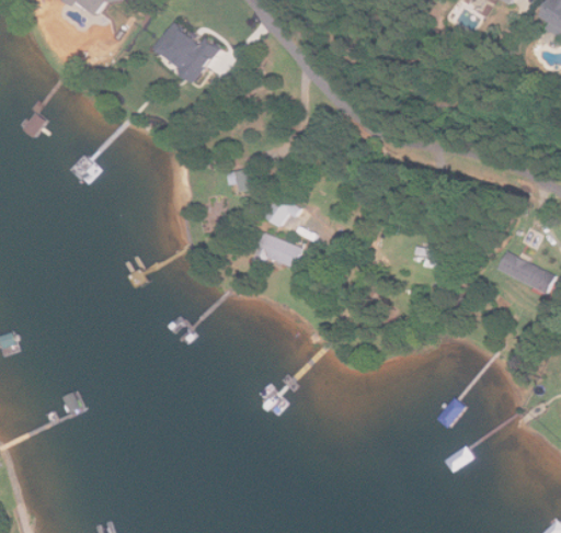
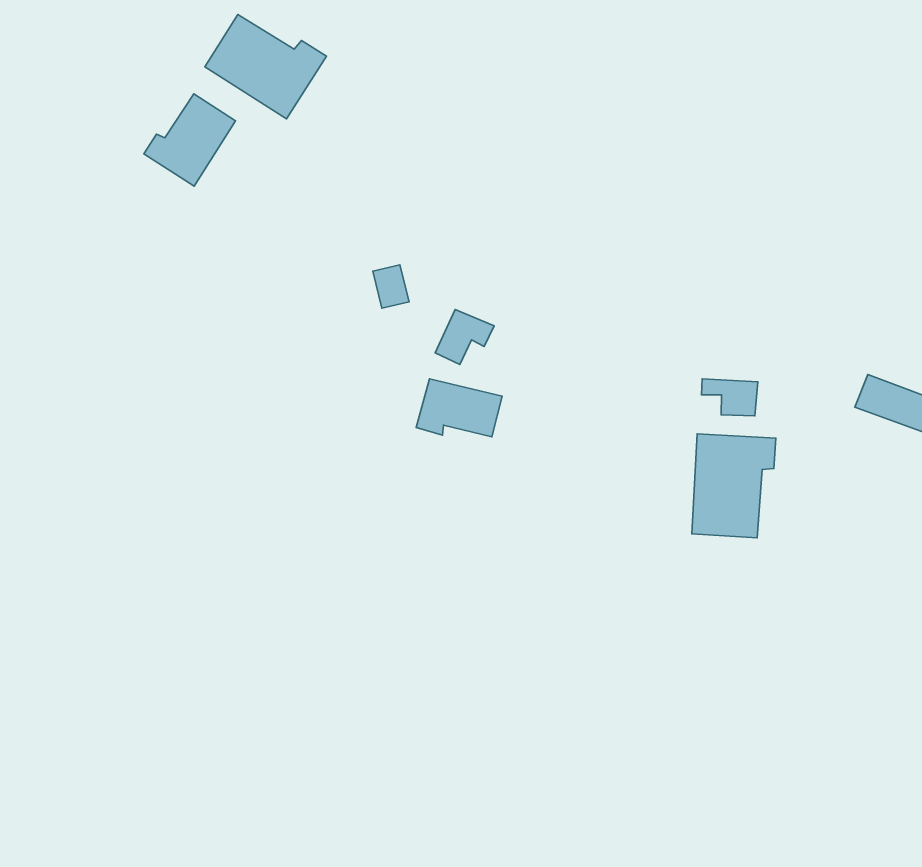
building: none -> [144,94,236,186]
building: none -> [692,434,776,538]

